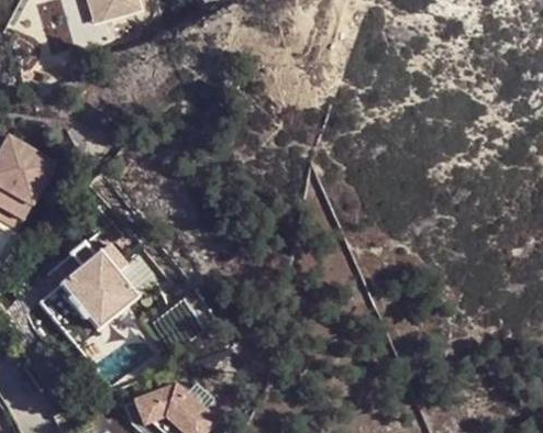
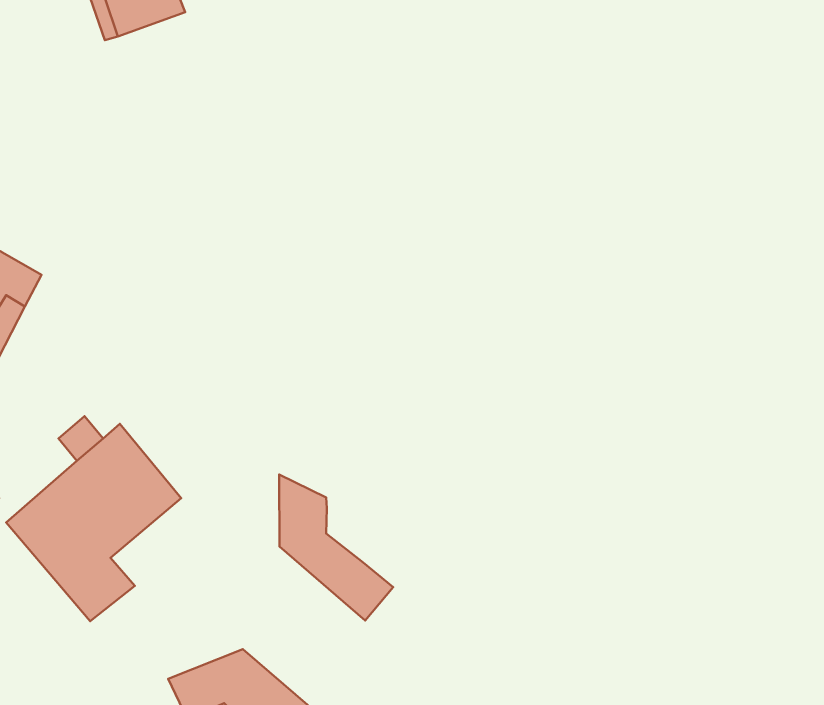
building: none -> [279,475,393,620]

